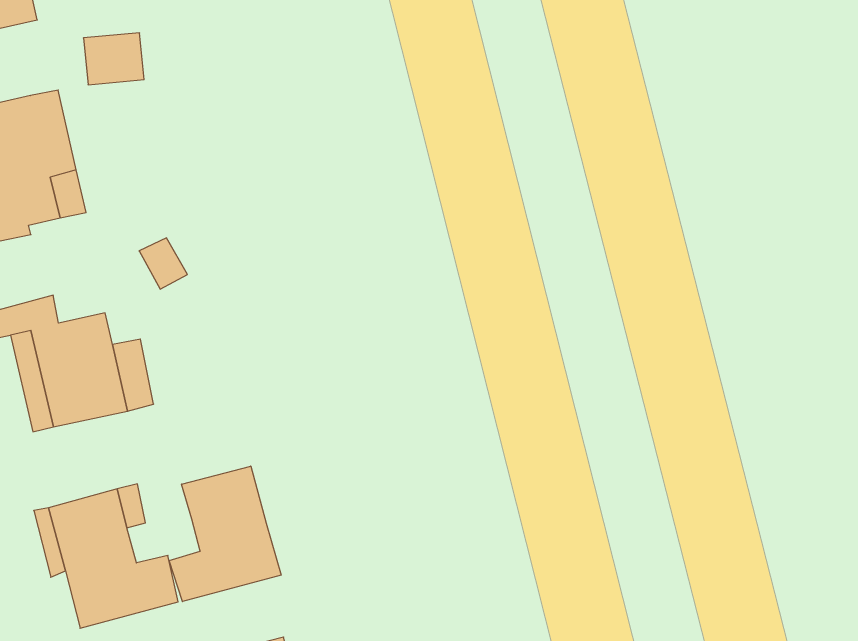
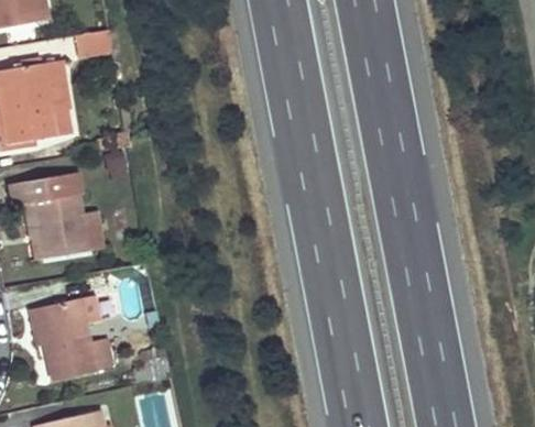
building: [169,466,281,602] -> none

